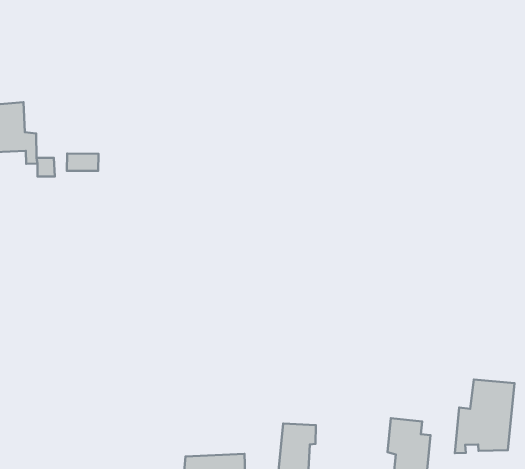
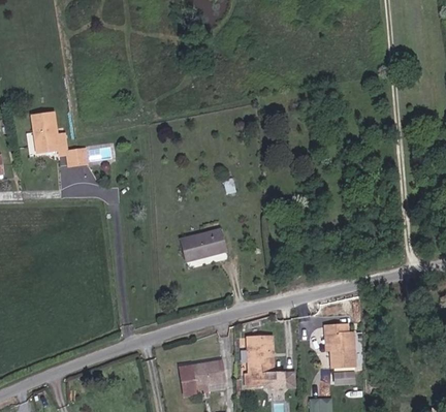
building: none -> [172,233,215,265]
building: [455,379,514,453] -> none

